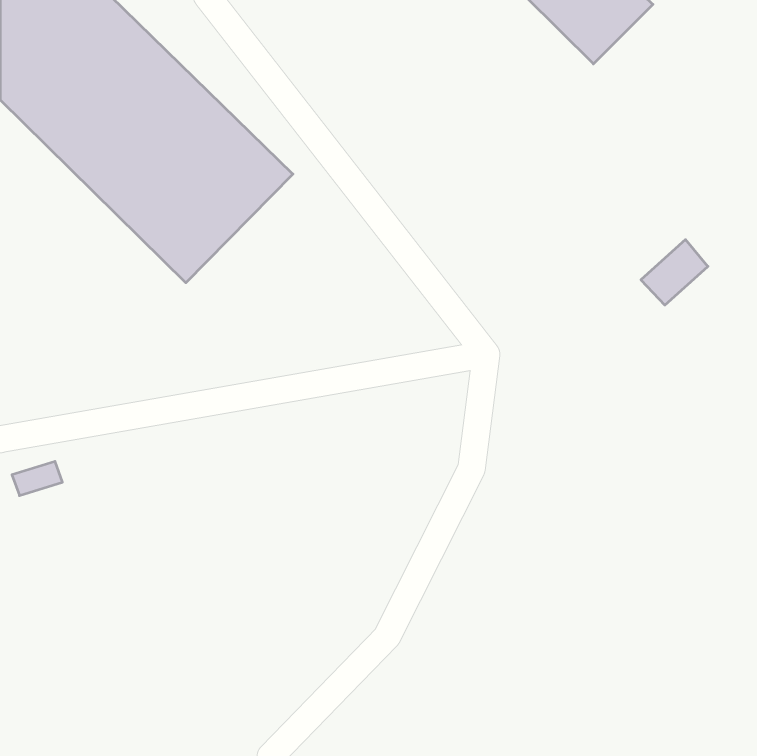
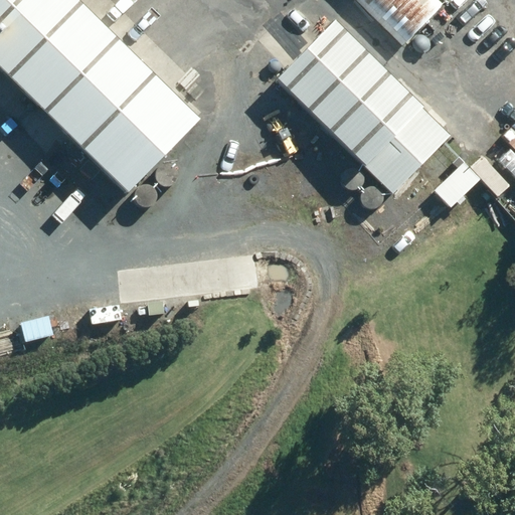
building: none -> [277,20,451,193]

